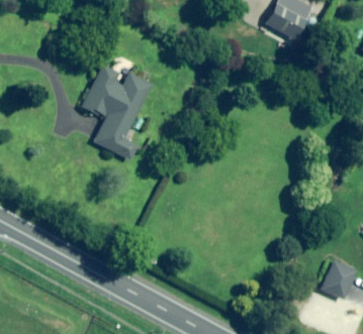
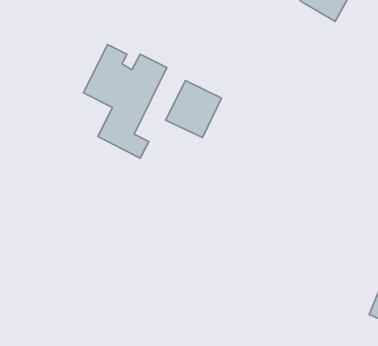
building: none -> [166,80,221,137]

